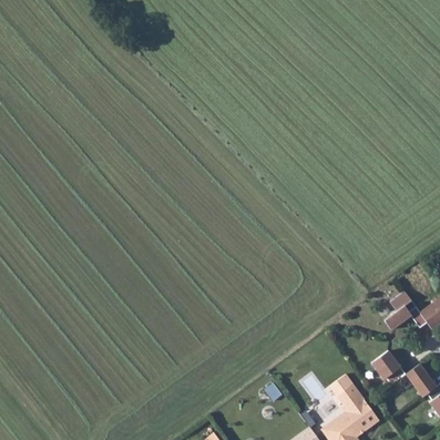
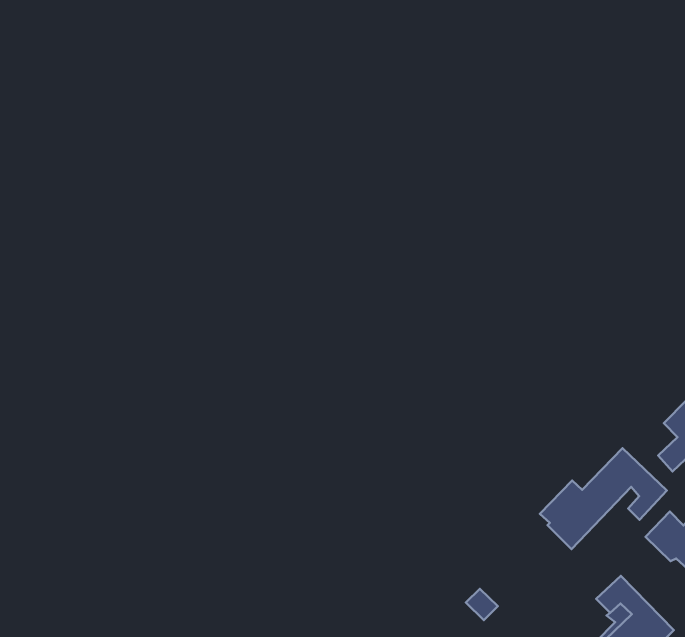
building: none -> [540,448,667,549]

